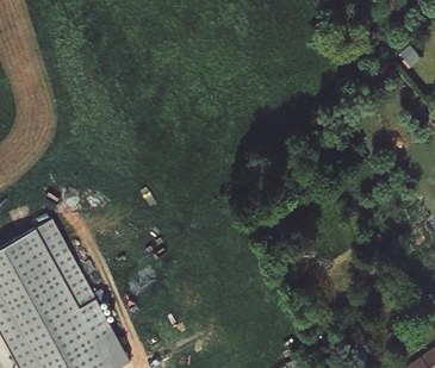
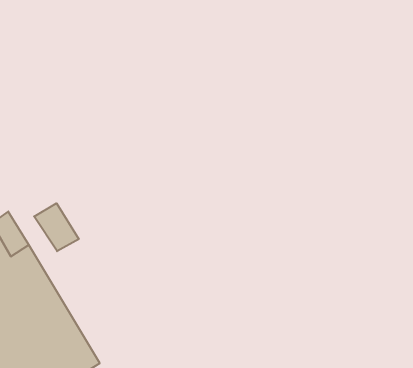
building: none -> [34,203,79,251]

